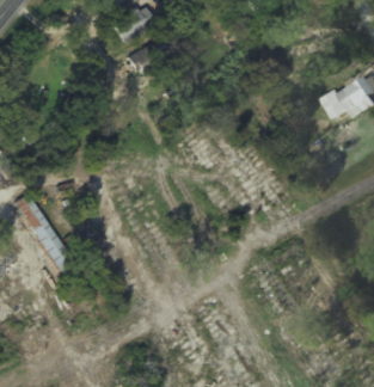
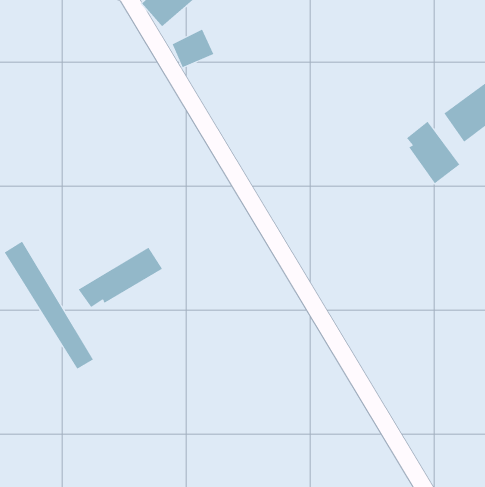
building: none -> [406,121,460,184]
building: none -> [78,247,163,308]

